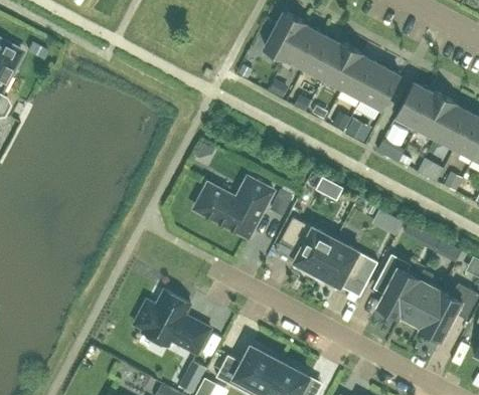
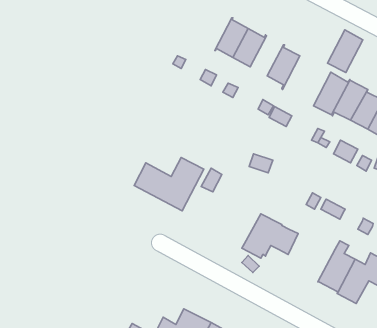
building: [265,12,304,59] -> none
building: [324,43,361,87] -> none
building: [360,65,400,113] -> [328,30,363,72]
building: [281,218,336,278] -> none
building: [377,255,419,318] -> none
building: [140,290,210,354] -> none

